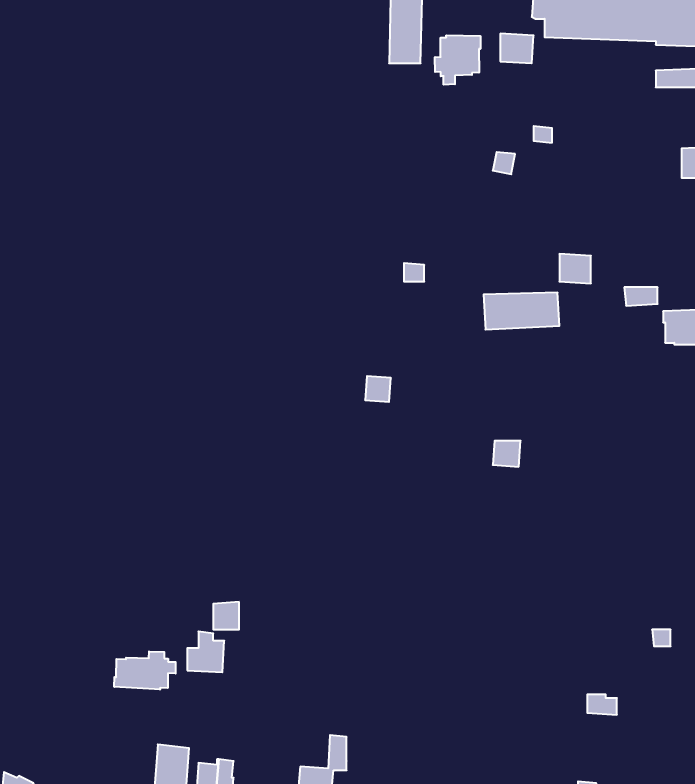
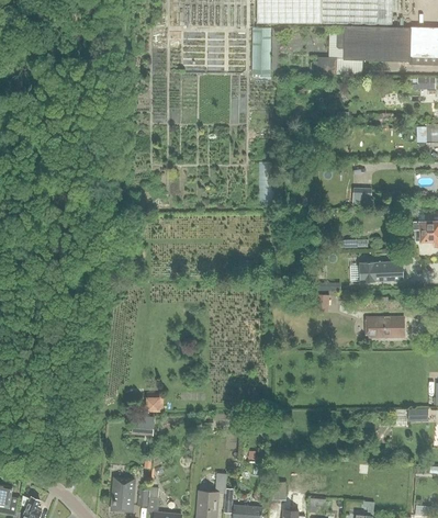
building: [435,35,480,85] -> none
building: [484,293,559,330] -> [359,260,404,282]
building: none -> [366,316,404,338]
building: [114,651,176,690] -> none

